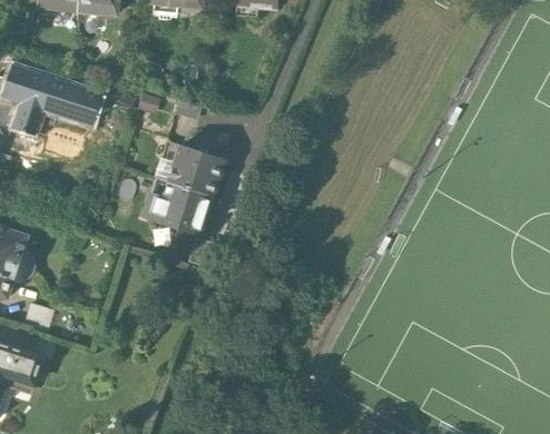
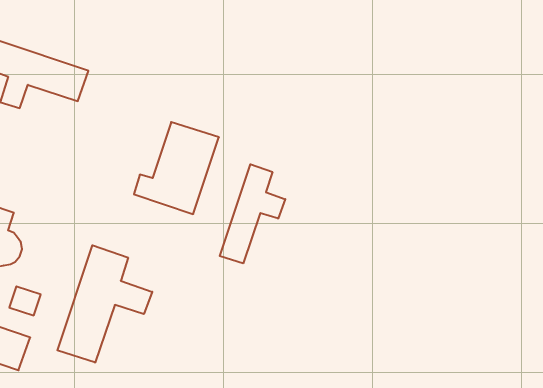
building: none -> [220,164,285,263]
building: none -> [57,245,152,363]

